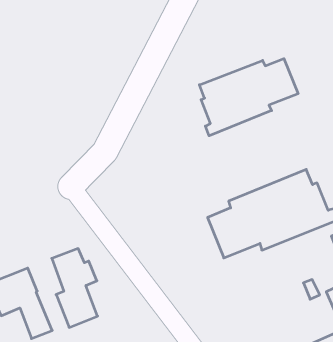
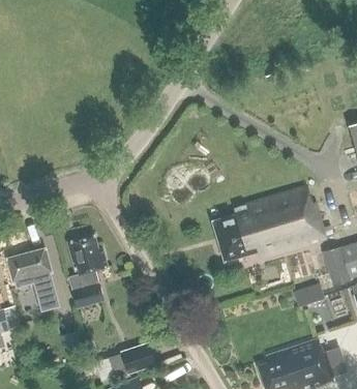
building: [199,59,298,136] -> none

